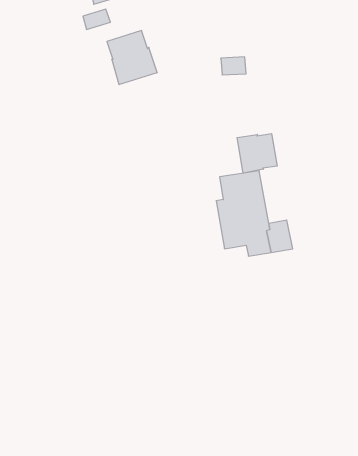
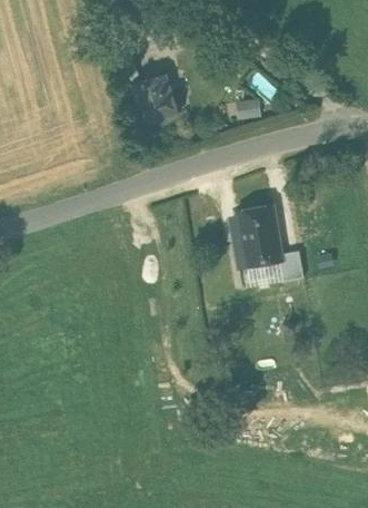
building: [237,134,277,173] -> none

